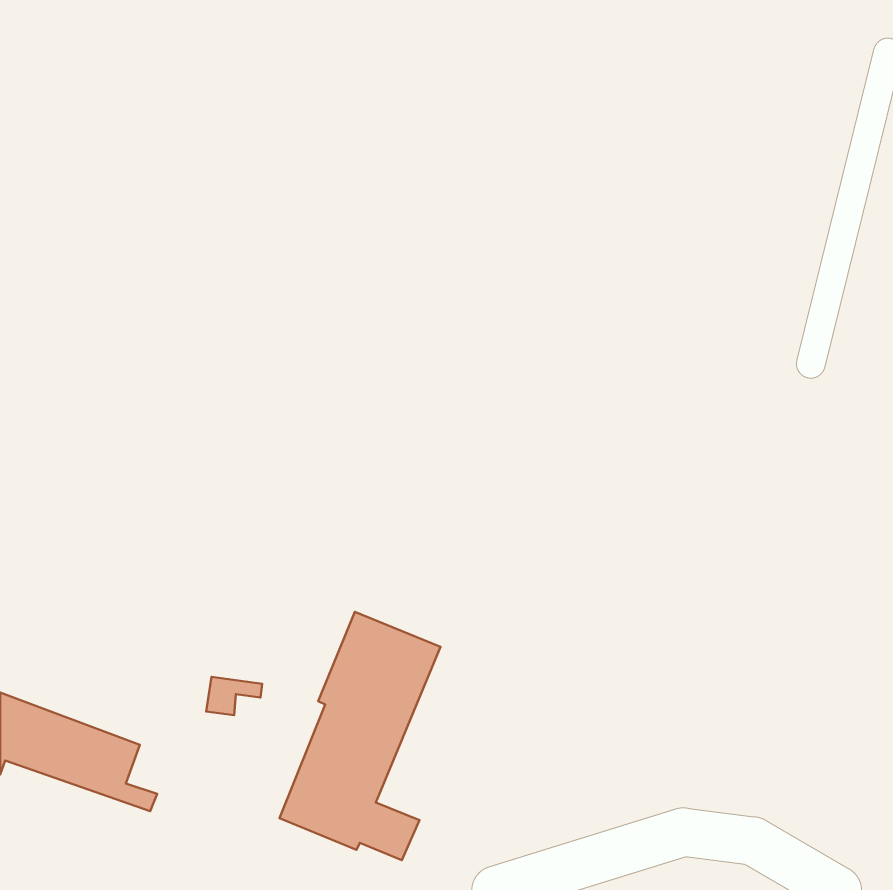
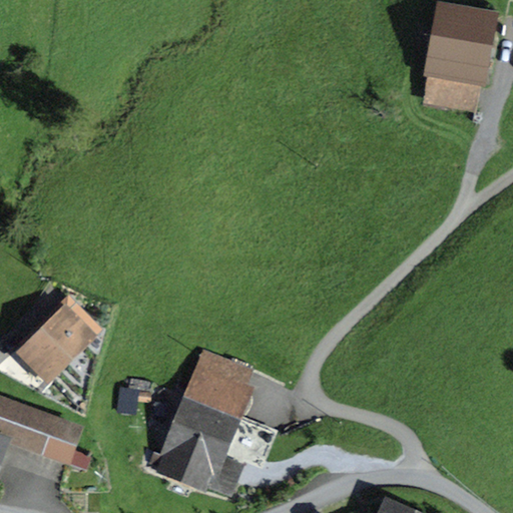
building: none -> [427,10,489,107]
building: none -> [25,306,95,374]

